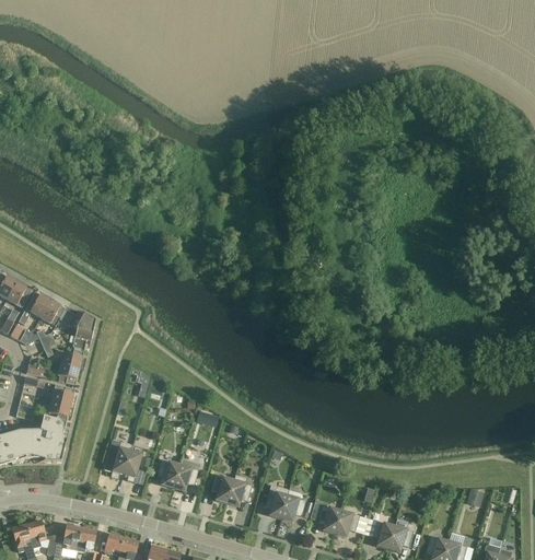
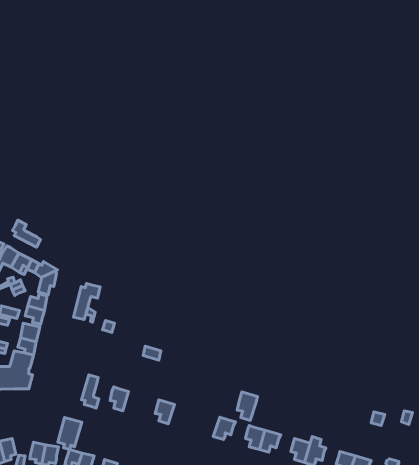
building: none -> [13,220,41,247]
building: none -> [74,283,100,320]
building: [104,440,132,478] -> [58,417,82,450]
building: [173,458,200,492] -> none
building: [226,475,252,506] -> none
building: [265,485,289,518] -> [237,392,258,420]

